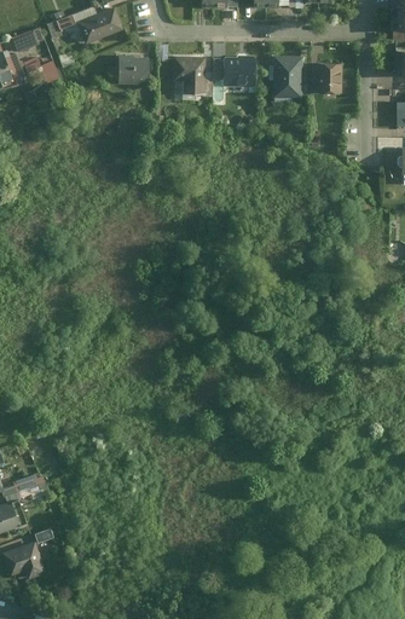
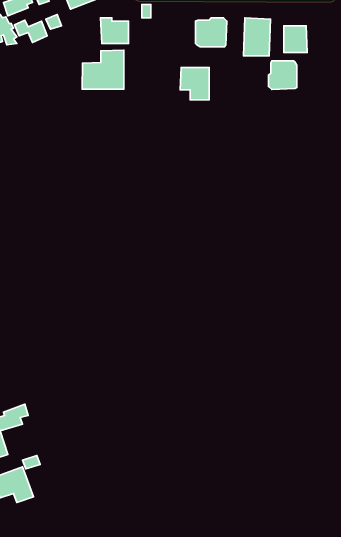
building: [173,57,204,92] -> [180,68,209,100]
building: none -> [82,50,124,89]
building: none -> [269,61,297,90]

